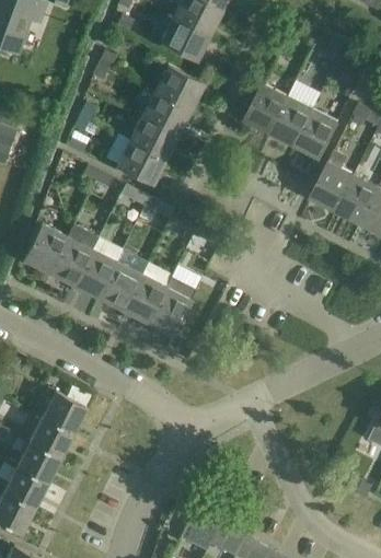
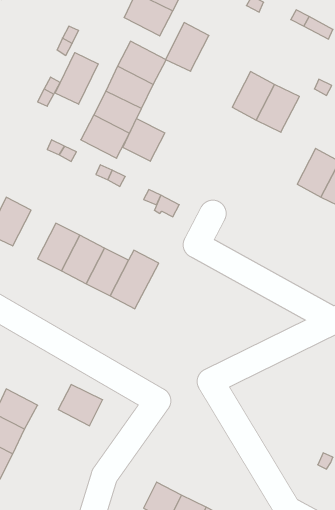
building: none -> [55,53,98,104]
building: [245,83,289,132] -> [166,23,209,71]
building: none -> [123,118,165,161]
building: [311,150,355,210] -> none
building: [48,224,99,286] -> none
building: [42,392,86,433] -> [58,385,103,426]

